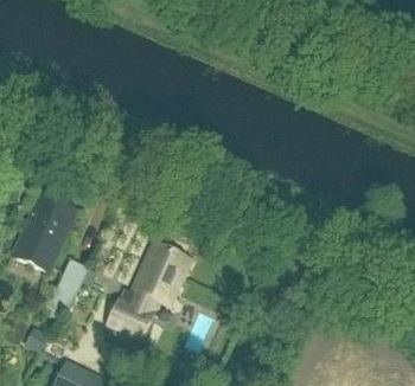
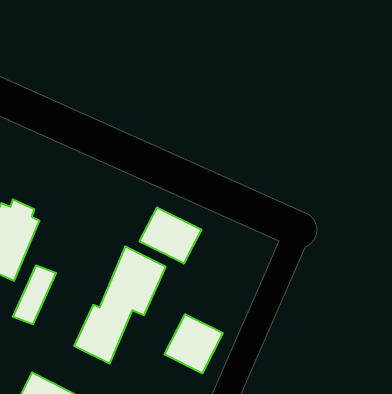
building: none -> [140,207,201,264]
building: none -> [165,314,223,373]

